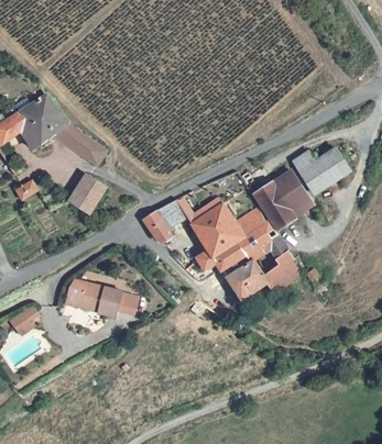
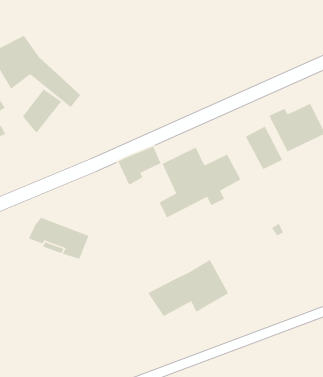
building: [74,178,111,222] -> [22,89,62,134]
building: [249,184,287,227] -> none
building: [212,232,292,291] -> [147,259,229,317]

